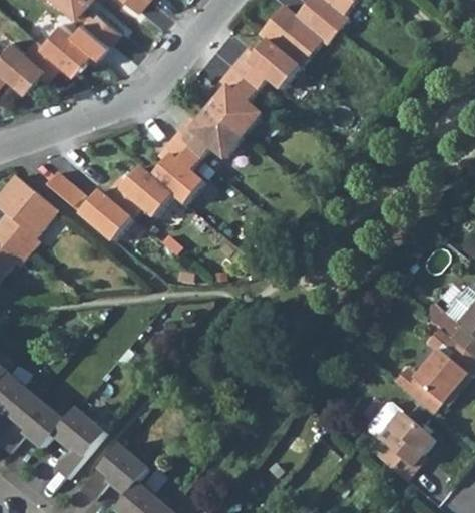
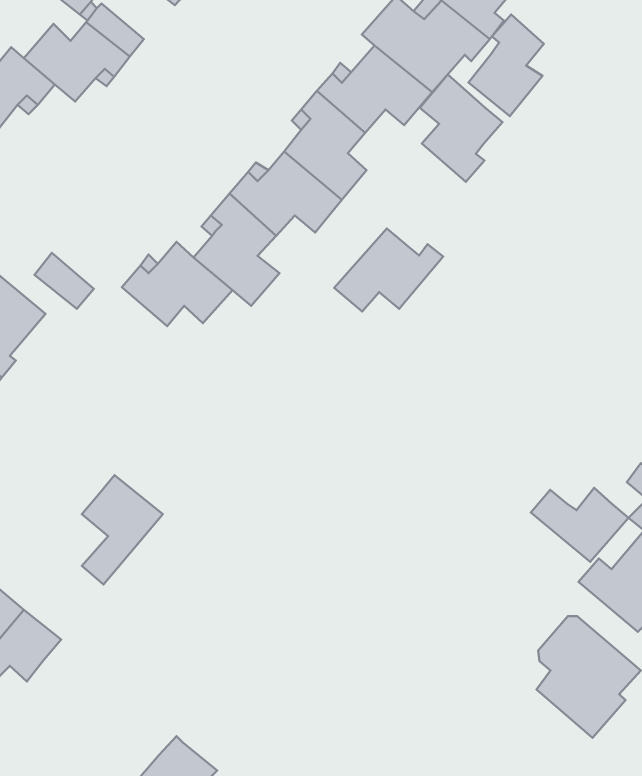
building: none -> [468,14,544,116]
building: none -> [420,74,502,182]
building: none -> [334,229,443,312]
building: [80,189,132,240] -> none
building: none -> [531,488,629,562]
building: [53,408,105,478] -> [82,475,163,584]
building: [80,445,149,500] -> none

